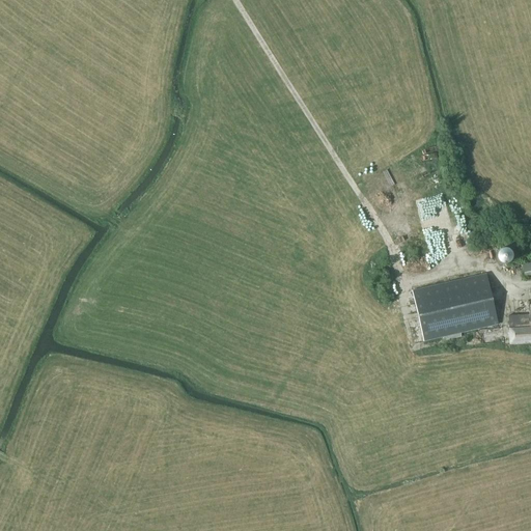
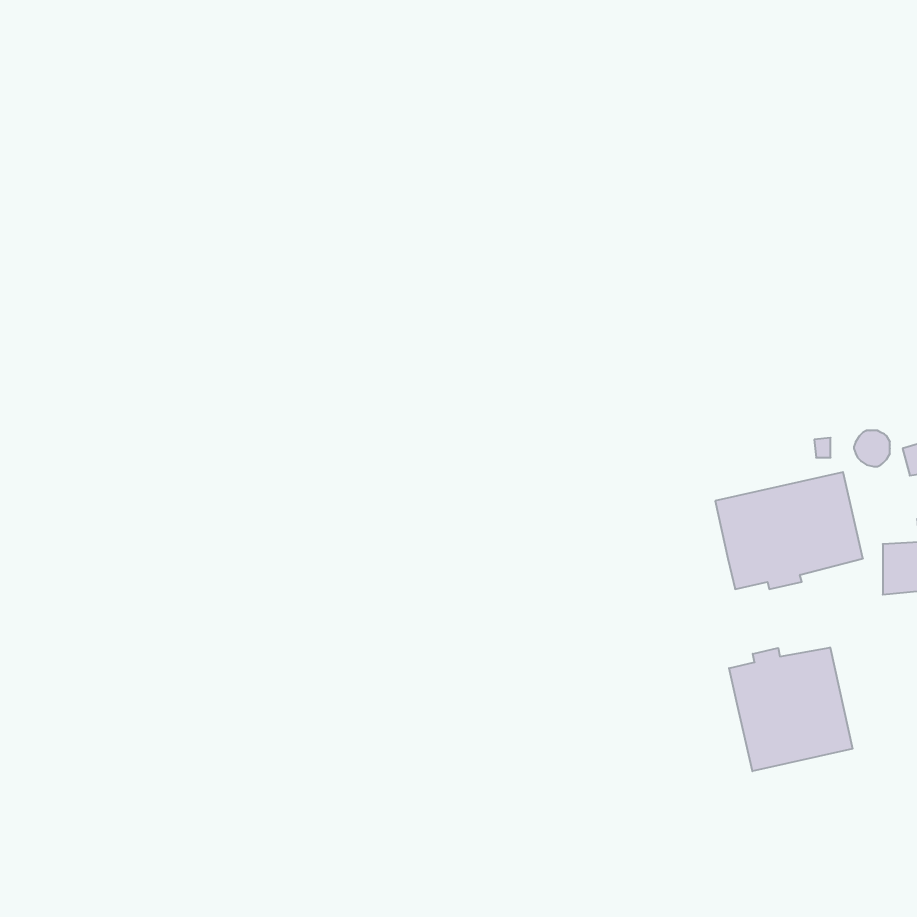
building: none -> [729,647,853,771]

